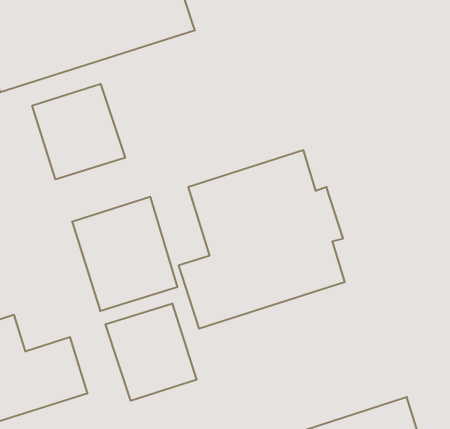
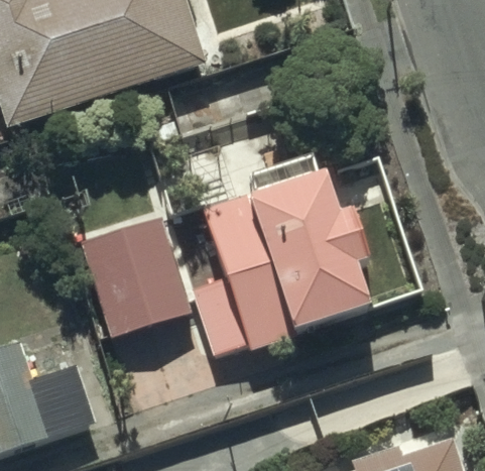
building: [32,84,125,179] -> none
building: [106,303,196,401] -> none

